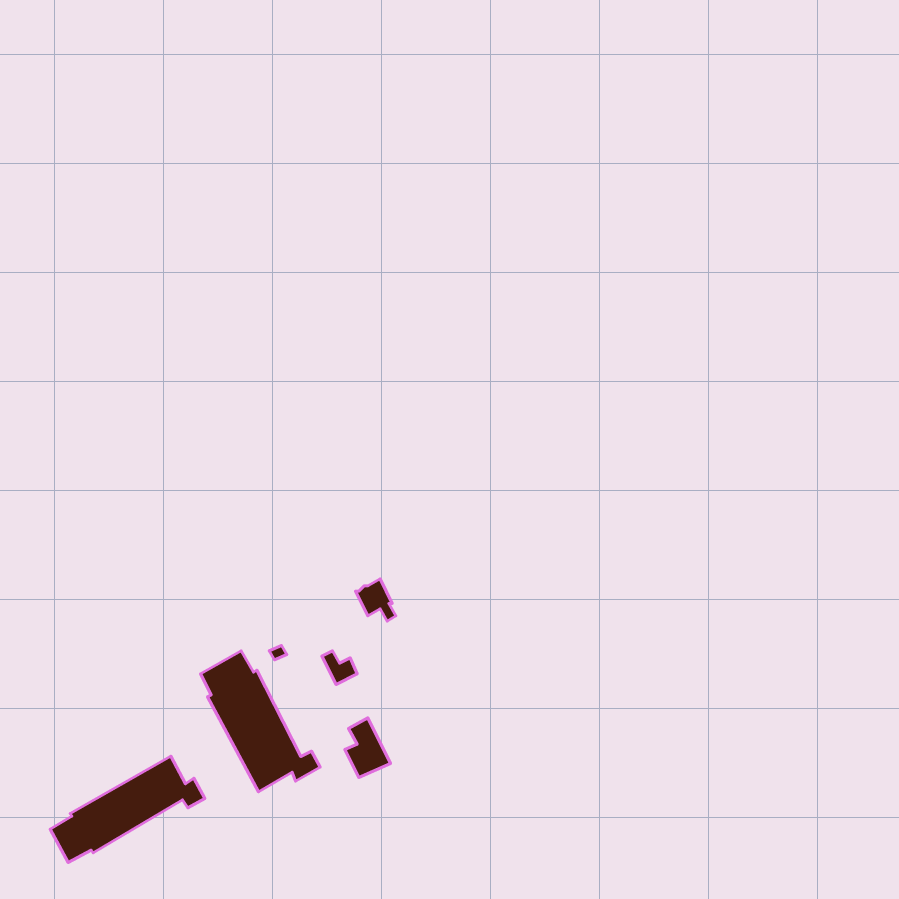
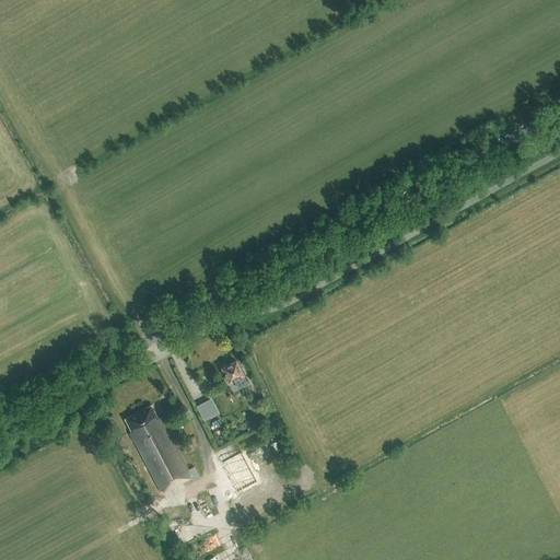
building: [50,756,205,862] -> none

